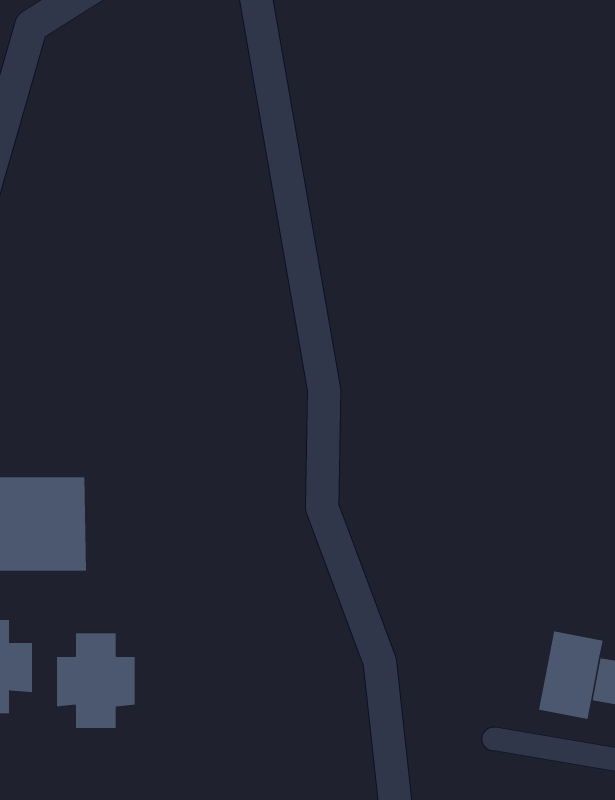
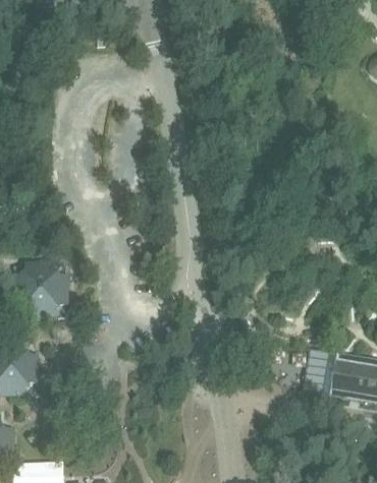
building: [57,633,135,729] -> none

